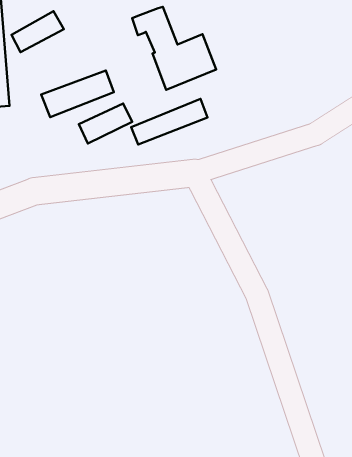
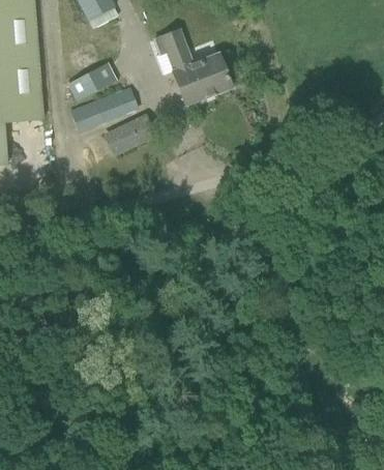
building: [11,11,64,52] -> [68,63,116,100]
building: [131,99,207,145] -> none

